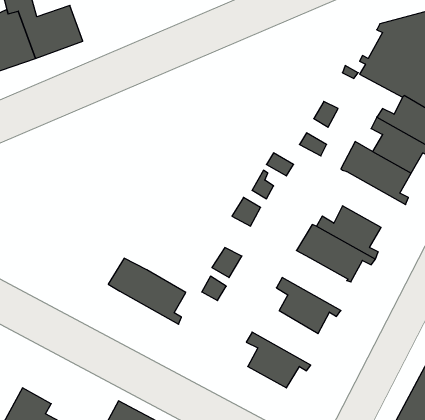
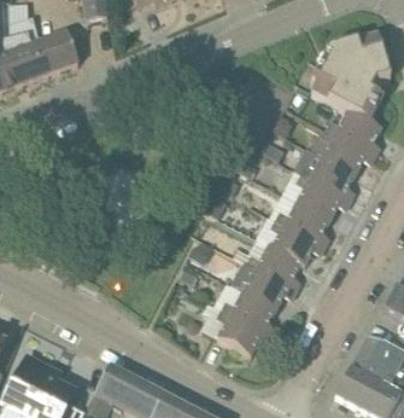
building: none -> [295,172,350,219]
building: none -> [246,244,301,289]
building: [108,258,186,324] -> [211,279,276,335]

